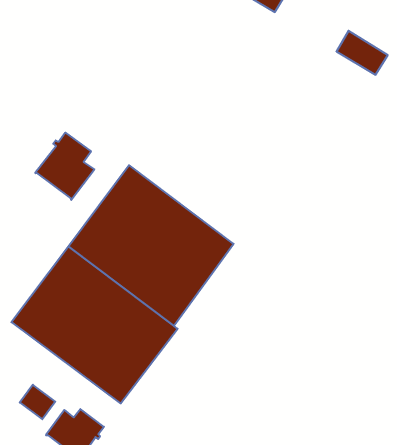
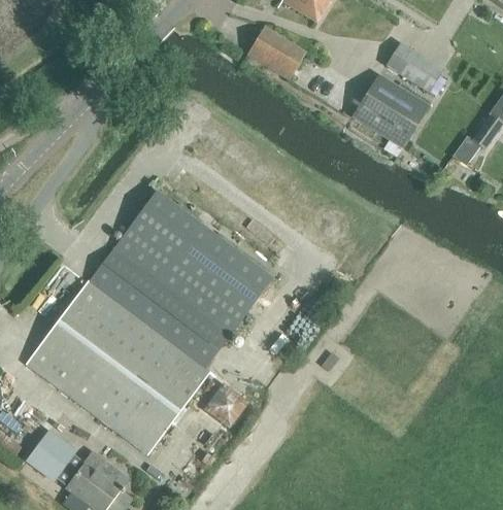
building: none -> [247,26,305,79]
building: none -> [354,75,428,147]
building: [35,133,94,200] -> none

